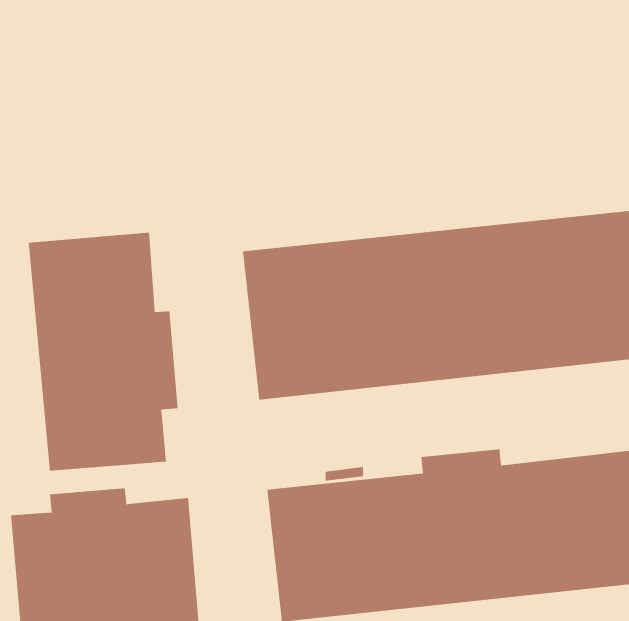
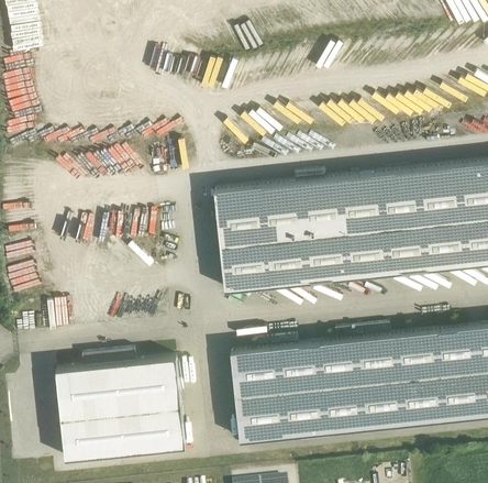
building: [28,232,178,472] -> none

